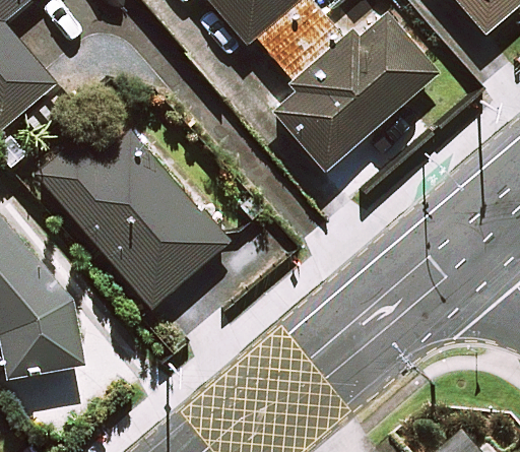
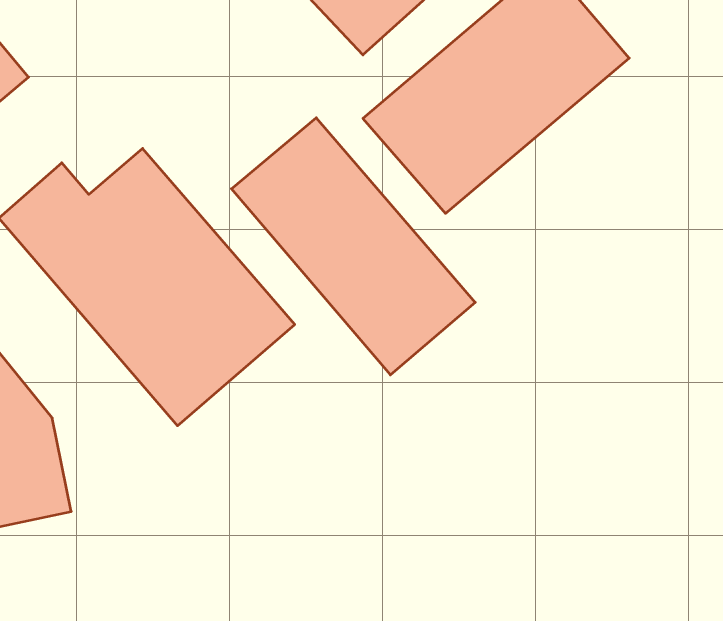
building: none -> [231,118,475,375]

